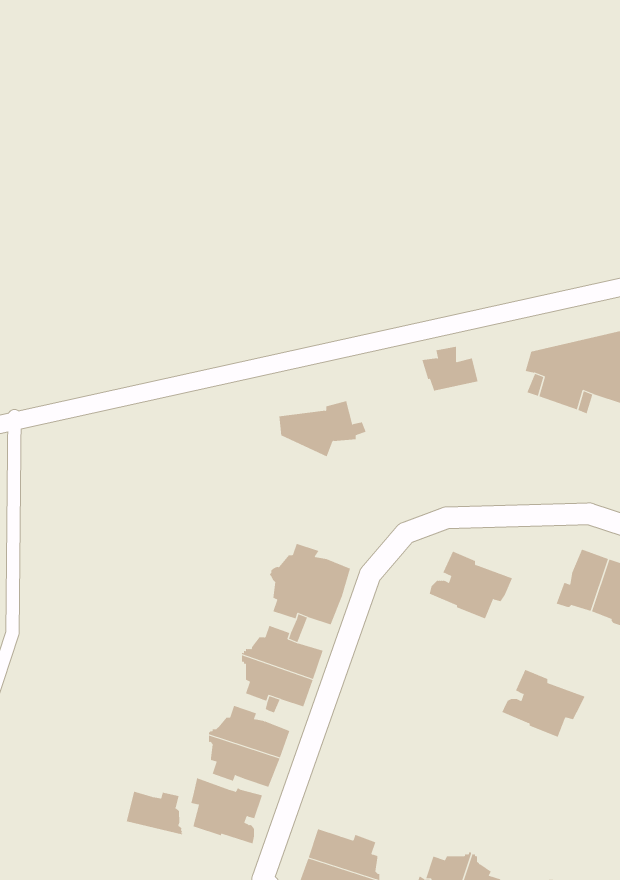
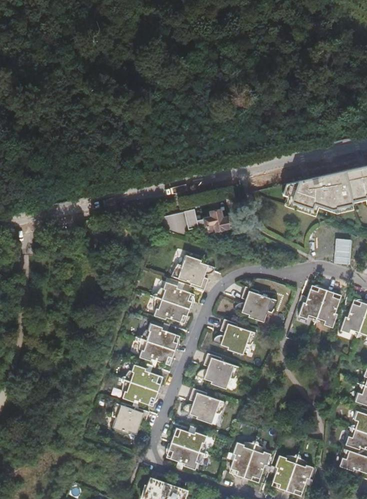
building: [422,346,478,391] -> [202,208,231,231]
building: none -> [171,256,214,290]
building: [501,669,585,737] -> [213,319,256,354]
building: none -> [195,353,238,388]
building: none -> [182,388,225,424]
building: [126,791,183,835] -> none

